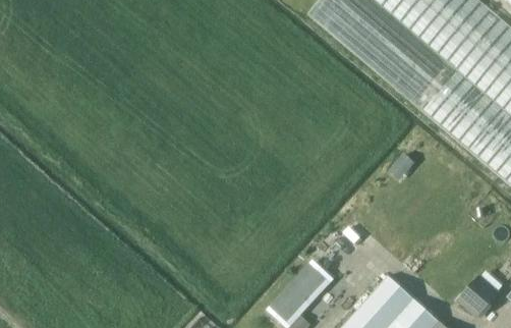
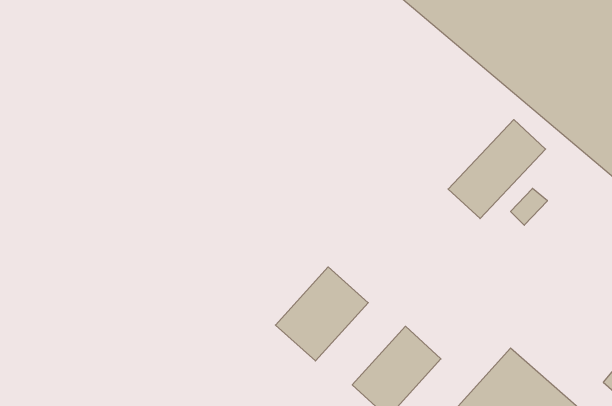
building: none -> [448,120,546,219]
building: none -> [275,267,368,361]

